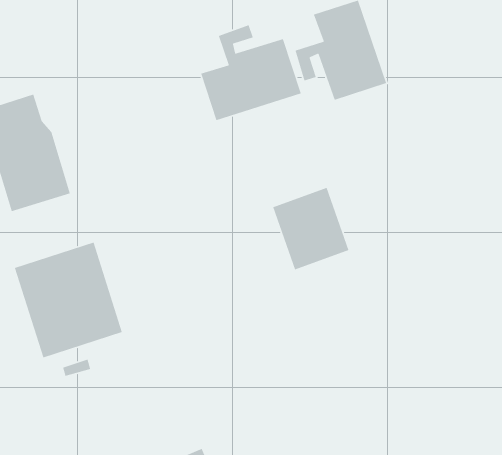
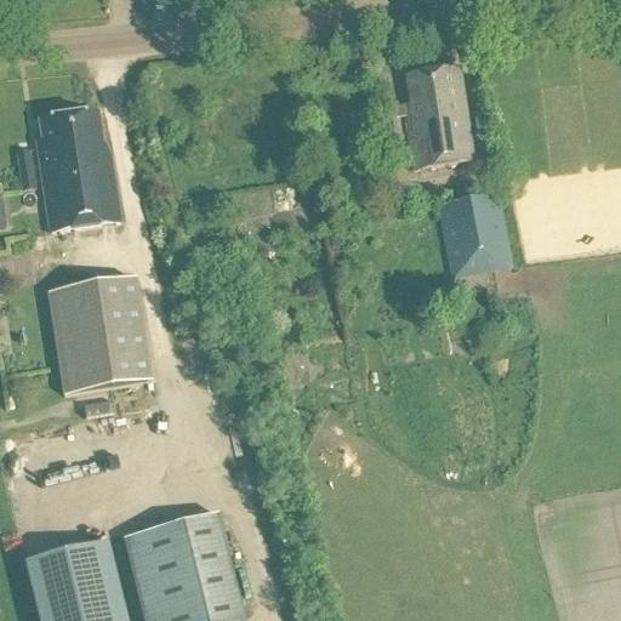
building: [200,24,302,121] -> none
building: [272,187,349,271] -> [437,193,512,277]

